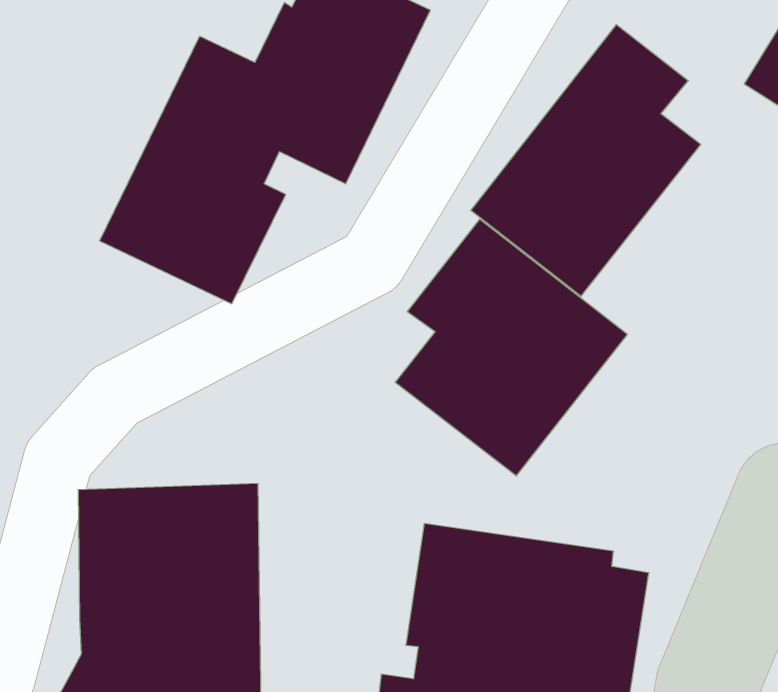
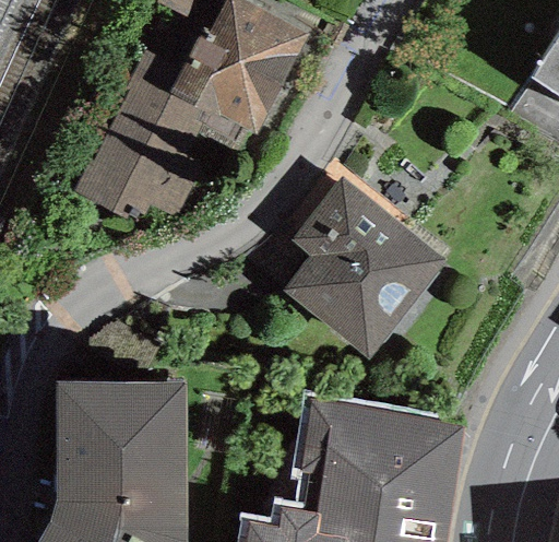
building: [471,24,701,296] -> none

